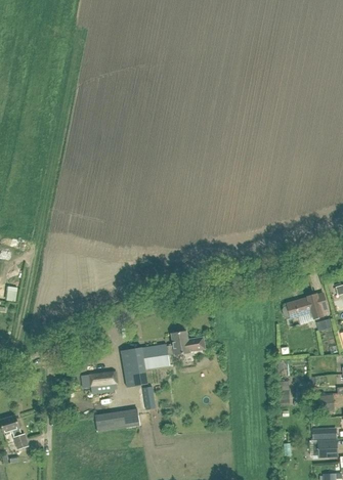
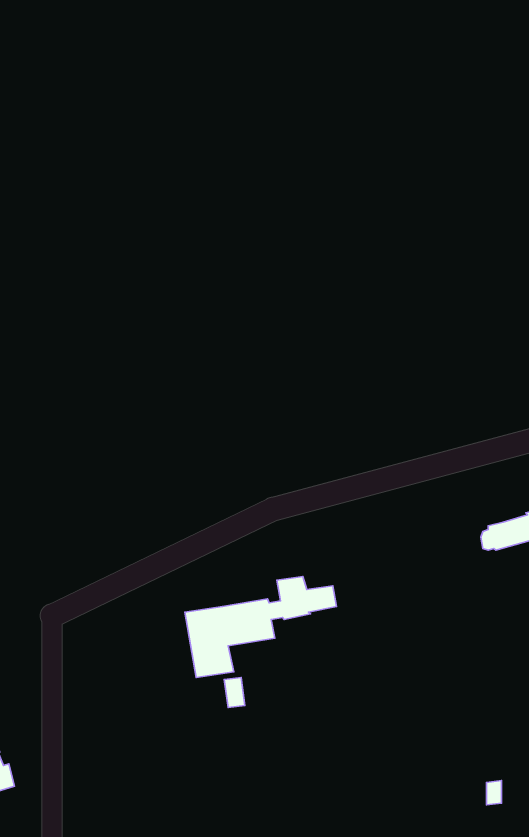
building: [81,372,117,394] -> none
building: [94,410,141,434] -> none

